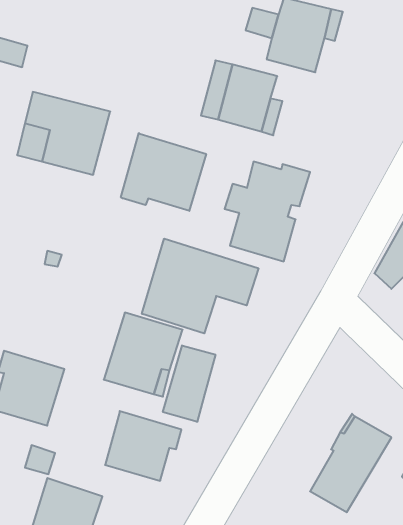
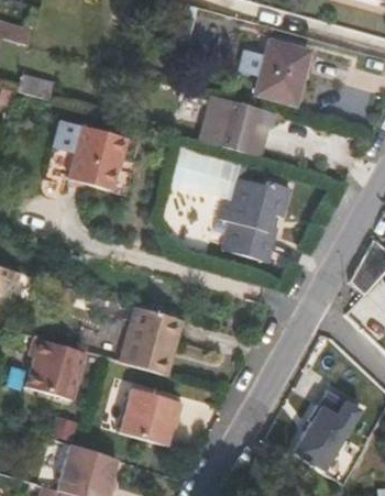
building: [121,133,206,211] -> none
building: [142,239,258,333] -> none
building: [163,345,215,422] -> none

